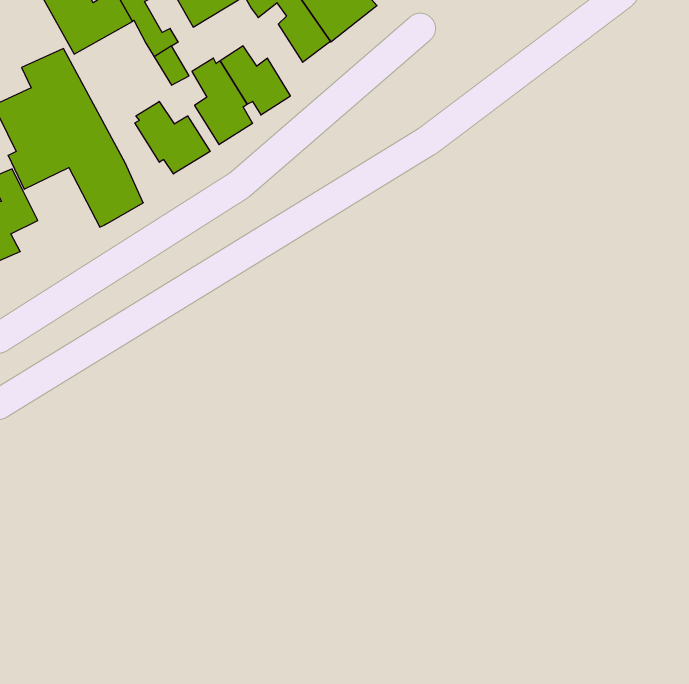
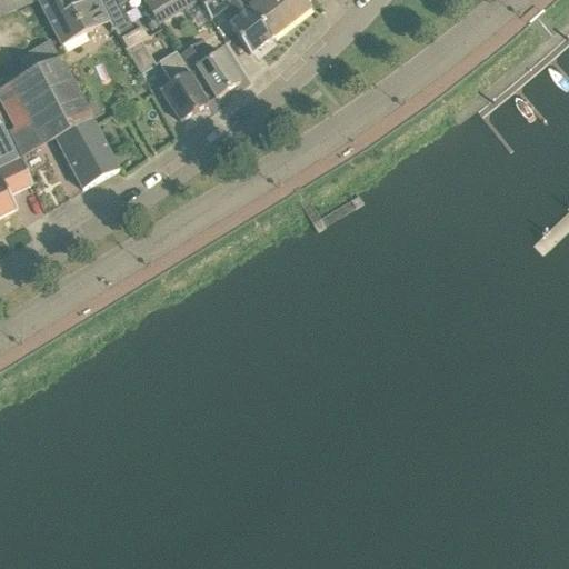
building: [135,101,210,174] -> none

